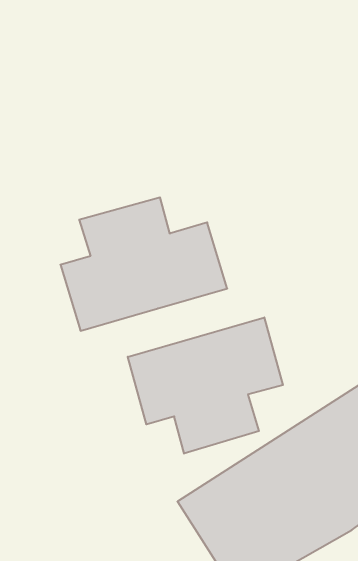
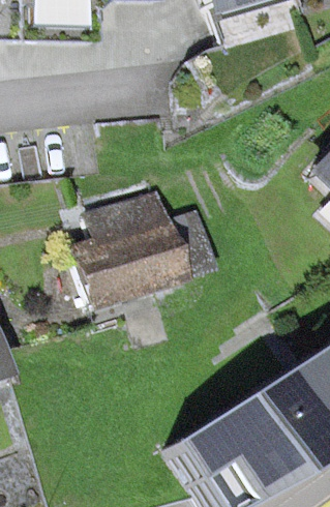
building: [128,317,283,454] -> none

